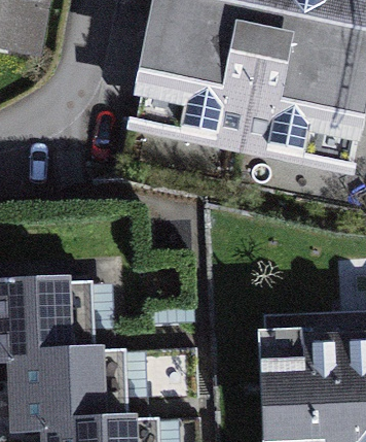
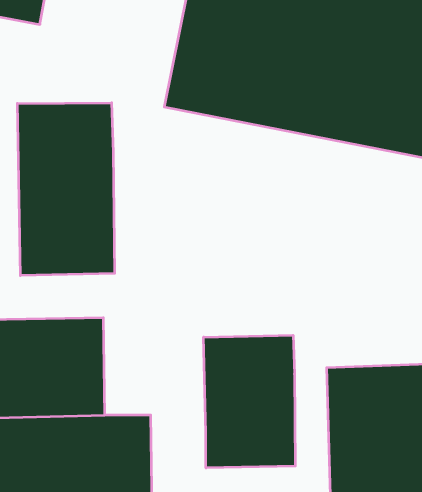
building: none -> [17,103,115,276]
building: none -> [204,335,295,468]

